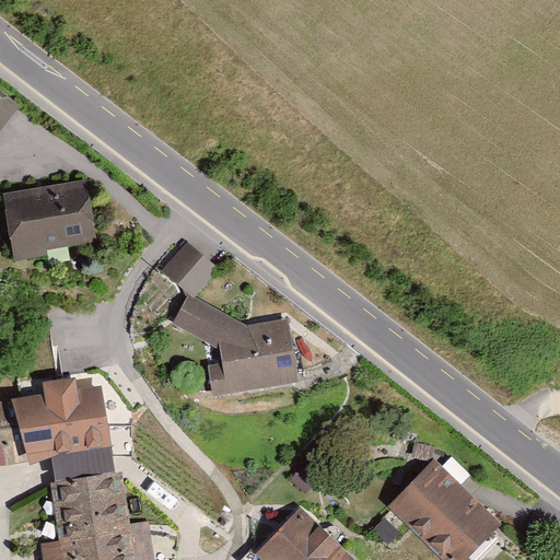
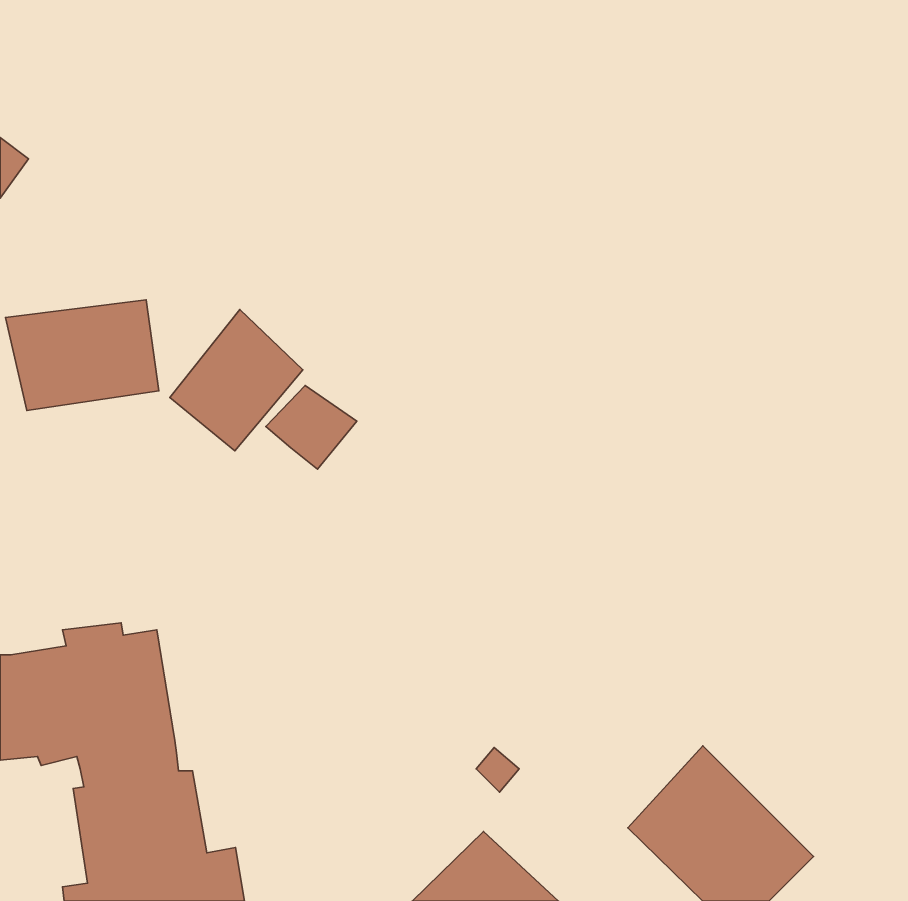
building: none -> [170,310,303,451]
building: [172,295,299,398] -> none

